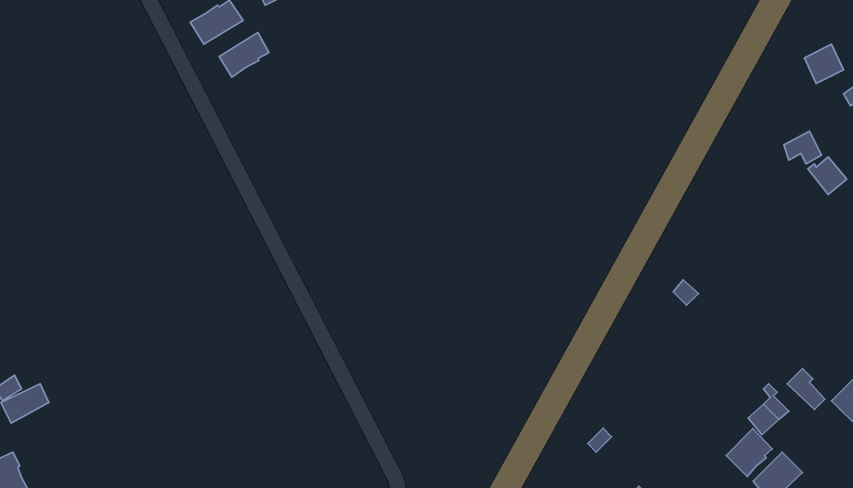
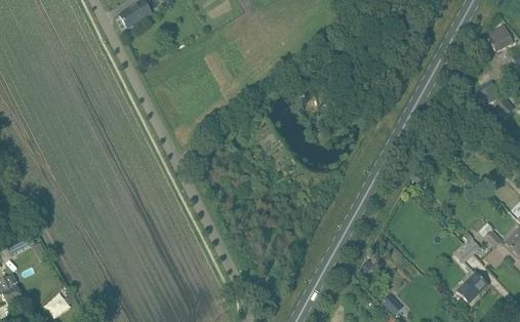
building: [219,33,269,77] -> none
building: [726,428,772,476] -> none

